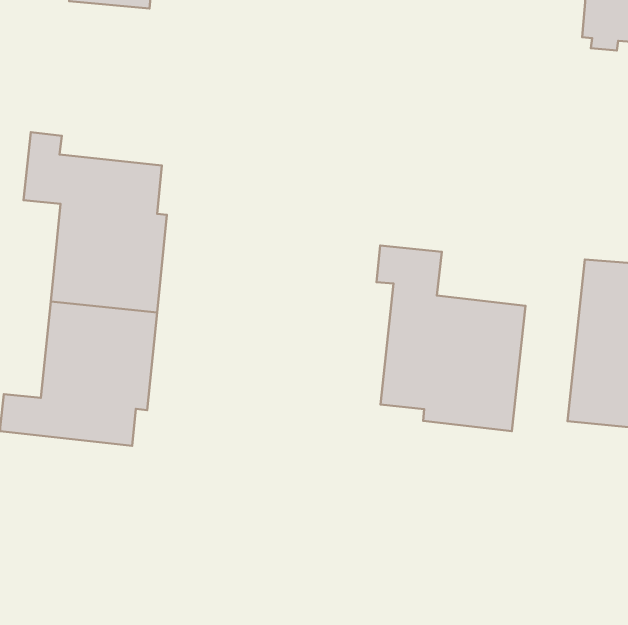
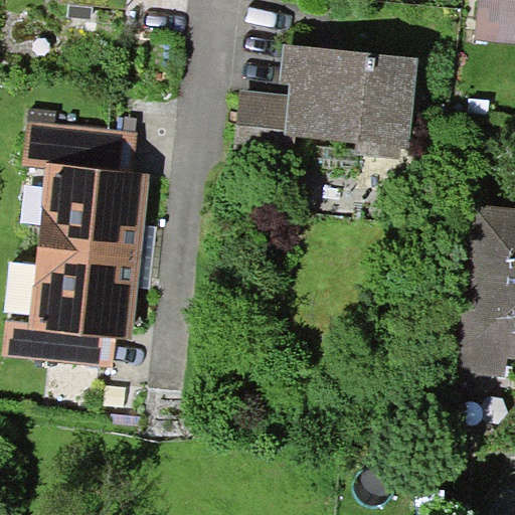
building: none -> [234,47,406,157]
building: [376,246,525,431] -> none

